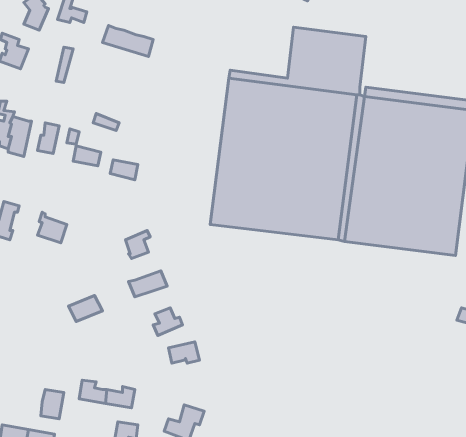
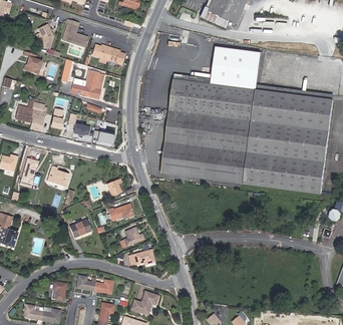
building: none -> [71,70,100,97]

